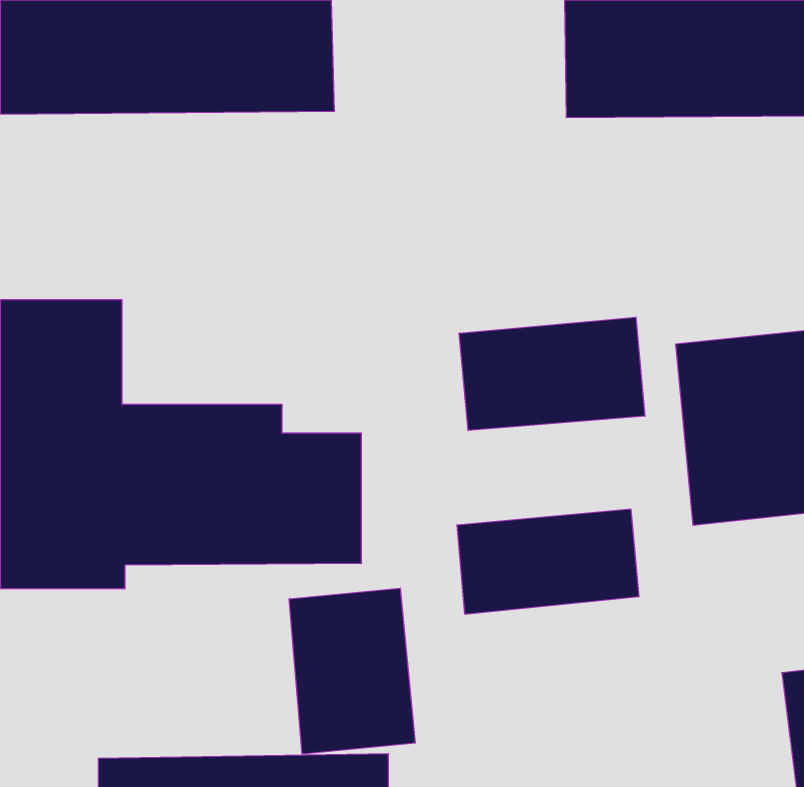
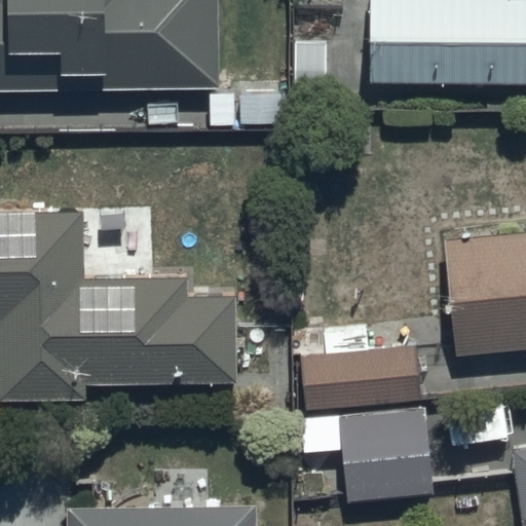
building: [459,317,645,431] -> none
building: [289,588,415,754] -> none
building: none -> [298,402,433,501]

